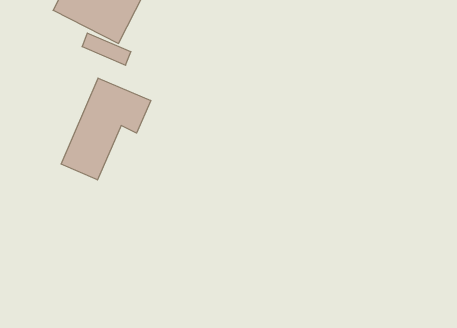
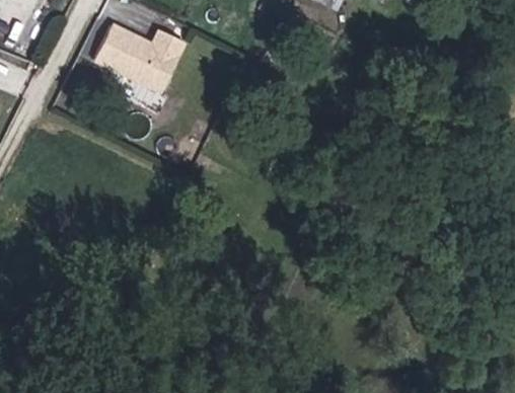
building: [61,78,151,180] -> none

